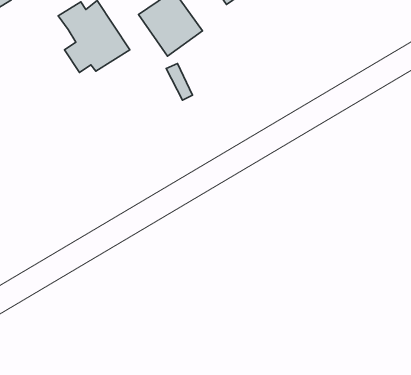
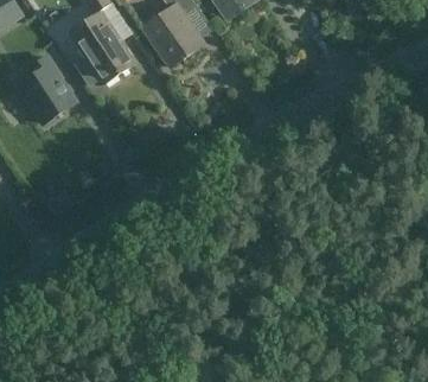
building: none -> [19,56,76,122]

